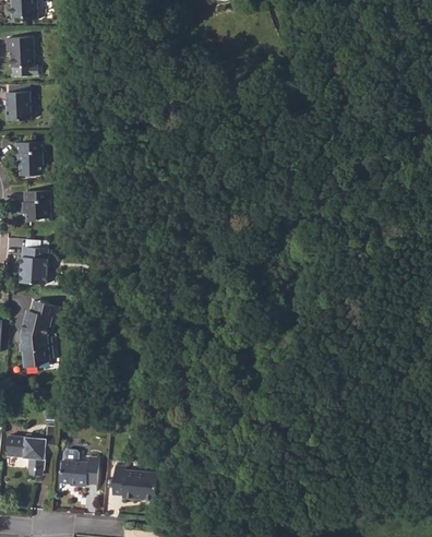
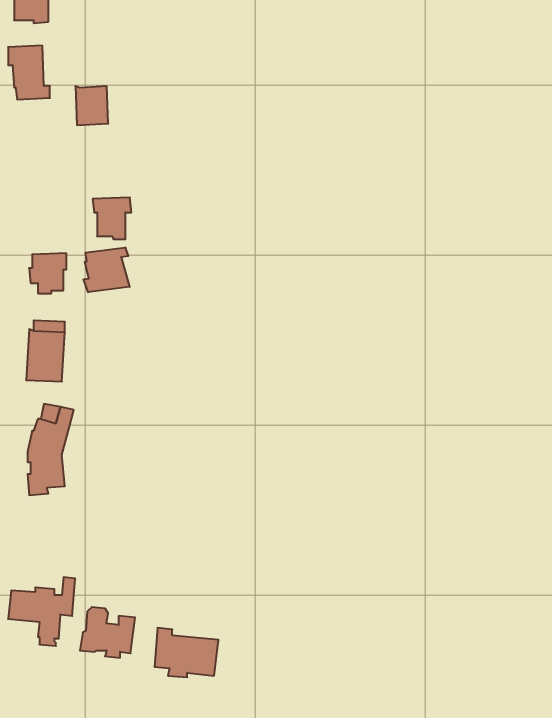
building: [5,93,29,121] -> [75,86,108,125]
building: [16,143,45,174] -> [93,197,131,239]
building: none -> [84,247,130,292]

